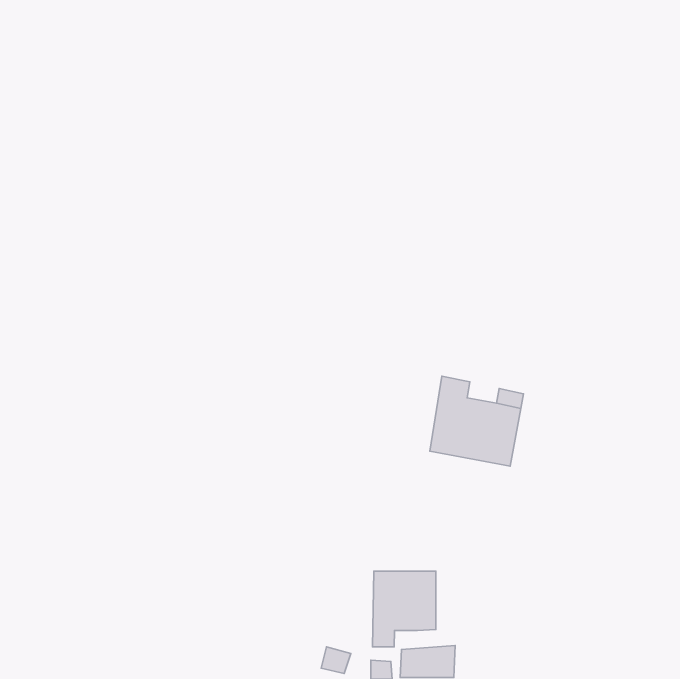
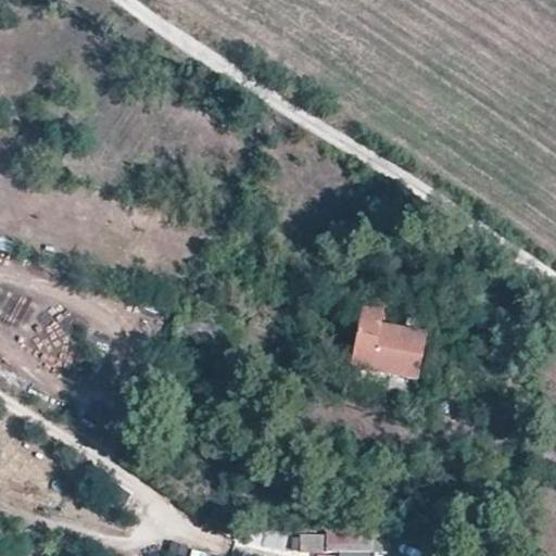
building: [372,571,436,647] -> none

